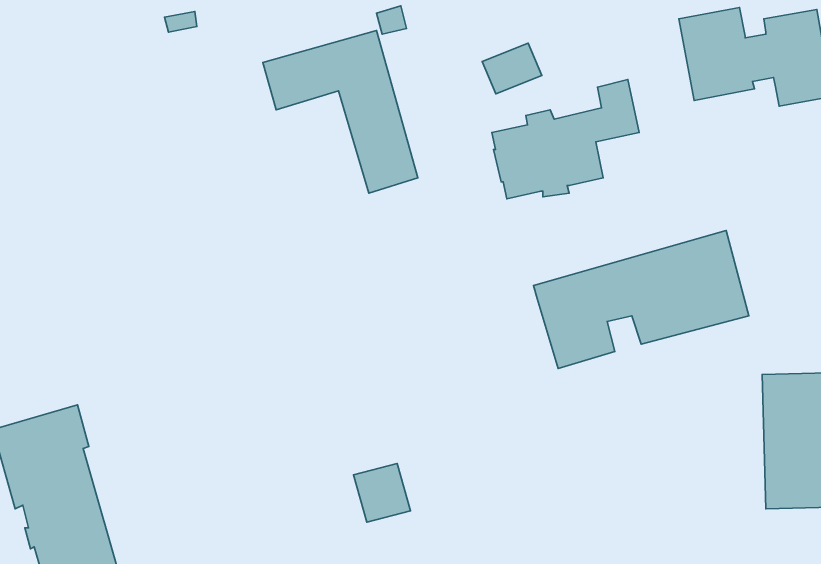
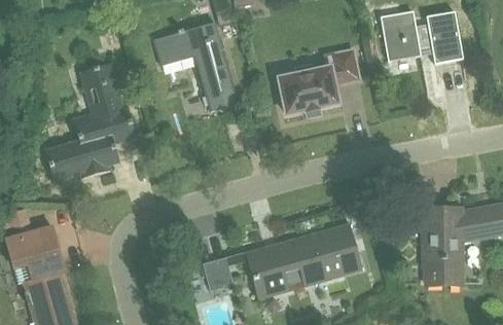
building: [482,43,542,94] -> none
building: none -> [45,63,137,182]
building: [533,231,749,369] -> [245,223,362,298]

